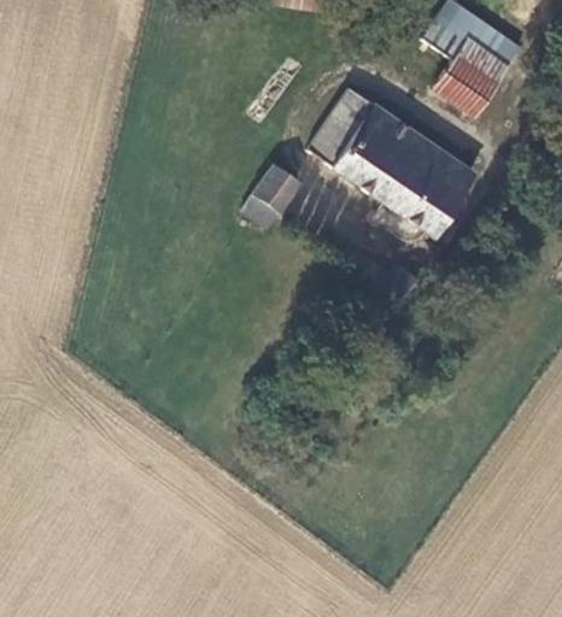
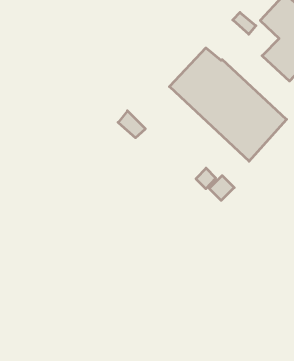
building: [252,164,303,215] -> none

